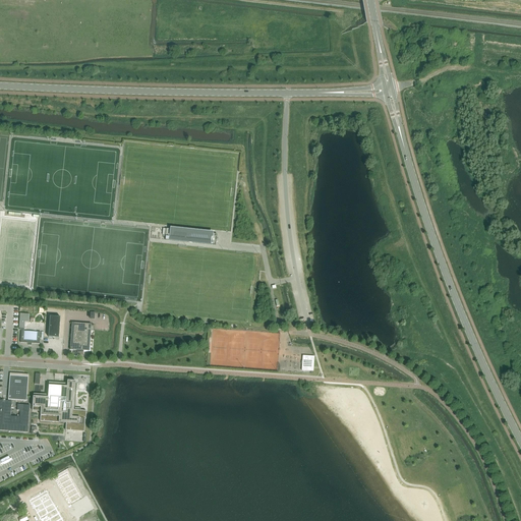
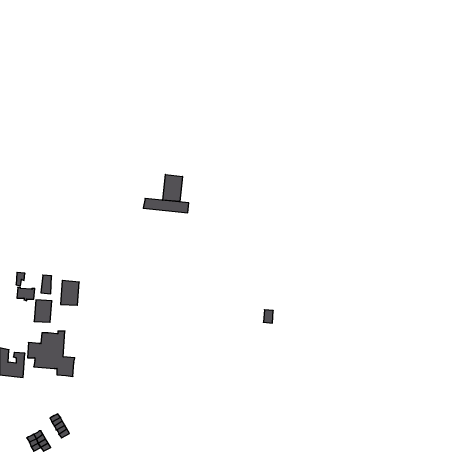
building: none -> [163,174,182,201]
building: [7,373,27,399] -> [34,300,52,322]

